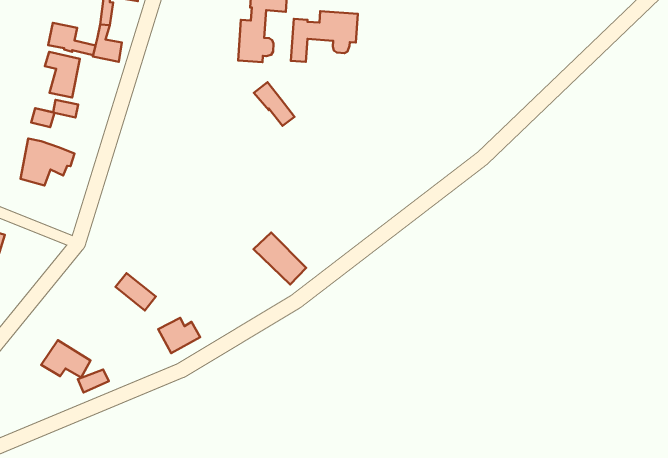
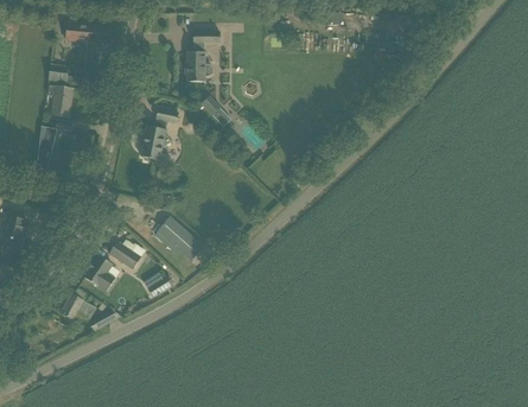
building: [291,11,358,62] -> none
building: none -> [140,108,177,160]
building: [254,233,306,285] -> [157,217,196,254]
building: none -> [83,255,115,291]

